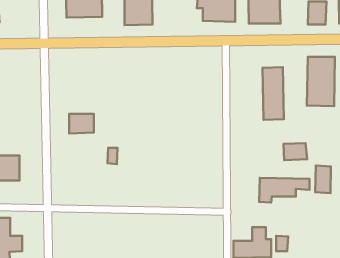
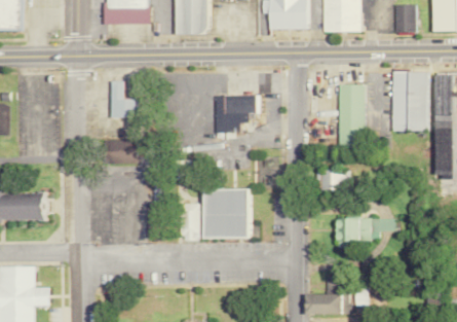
building: none -> [110,81,138,117]
building: none -> [215,95,260,133]
building: [283,143,307,160] -> [322,170,351,190]
building: none -> [181,189,247,239]
building: [315,165,331,193] -> none

